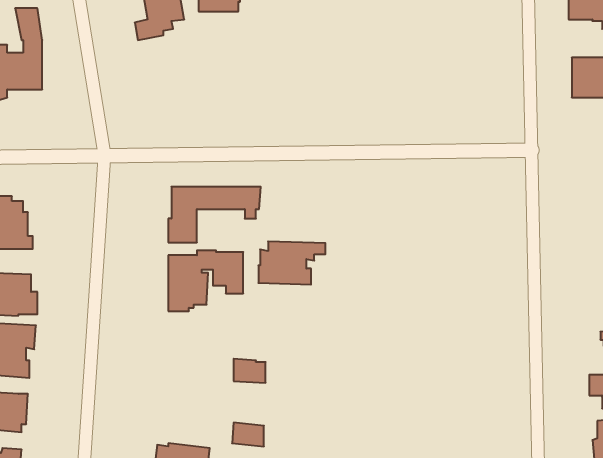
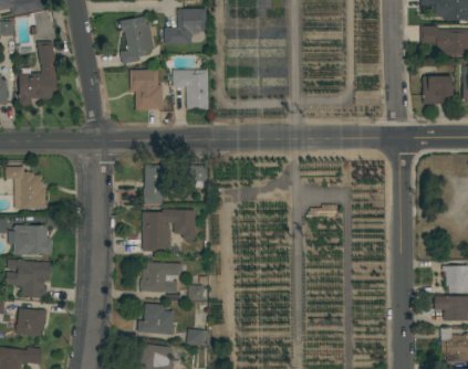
building: none -> [129,70,163,109]
building: none -> [173,70,208,109]
building: [258,241,325,285] -> [141,263,187,293]
building: none -> [137,303,175,335]

